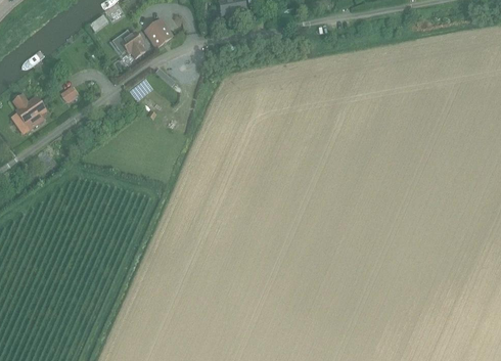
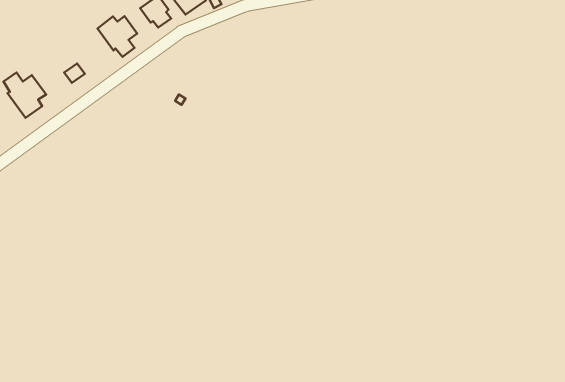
building: none -> [98,16,137,57]

